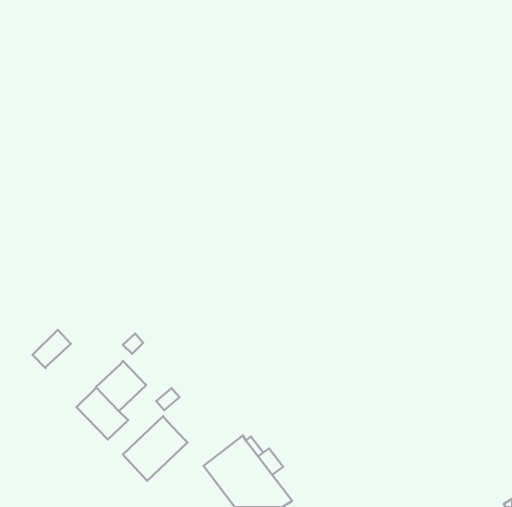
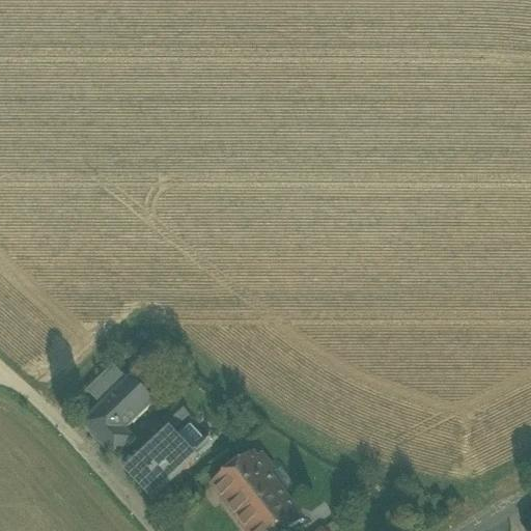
building: [32,330,71,368] -> [85,360,124,399]
building: none -> [172,420,208,452]

